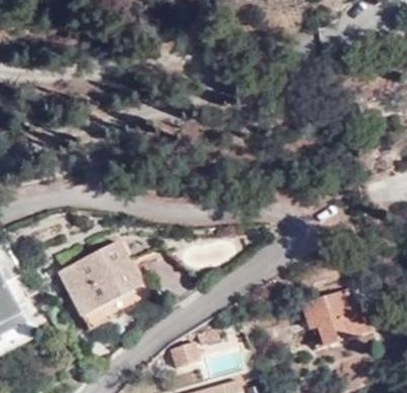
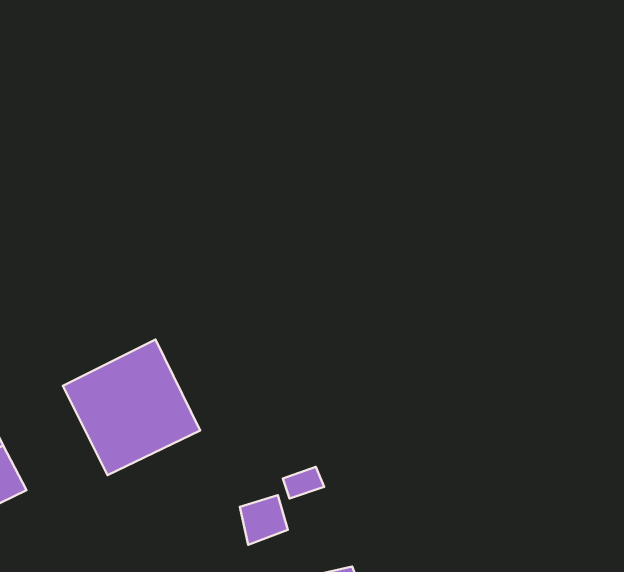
building: [302,290,370,346] -> none

